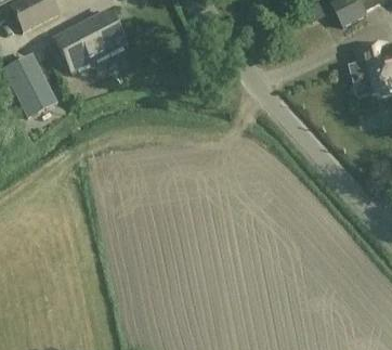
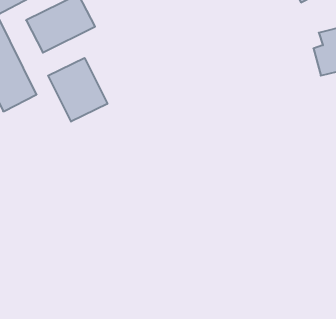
building: none -> [48,58,107,122]

